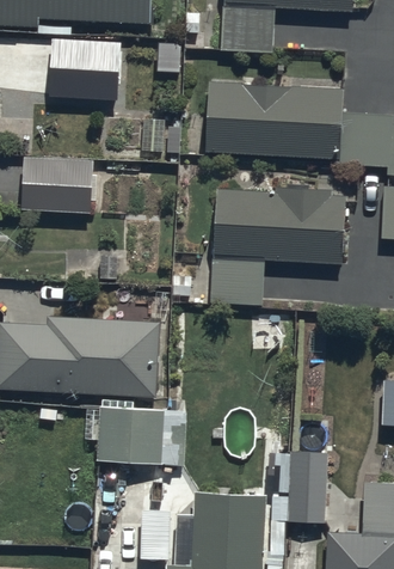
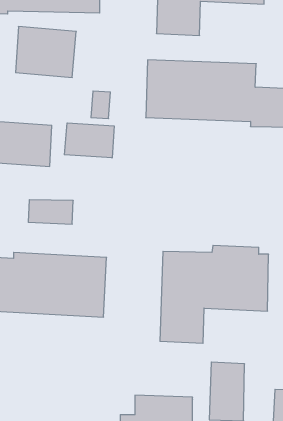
building: none -> [64,123,114,158]
building: [210,185,343,305] -> [160,245,269,343]
building: [94,405,184,465] -> none

